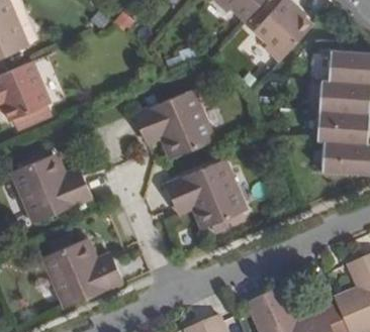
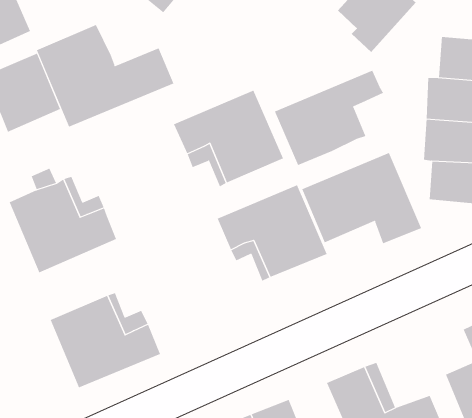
building: none -> [36,24,174,127]
building: none -> [274,70,384,166]
building: none -> [301,152,422,244]

